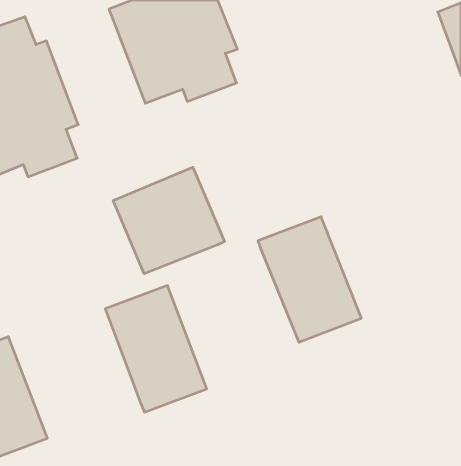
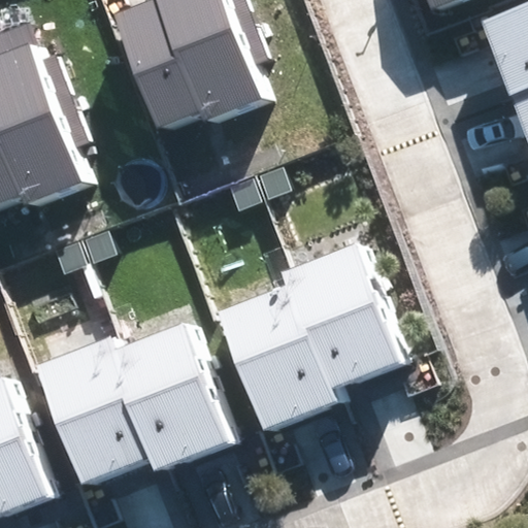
building: [113,167,225,274] -> none
building: none -> [221,287,336,428]
building: none -> [43,342,156,483]

